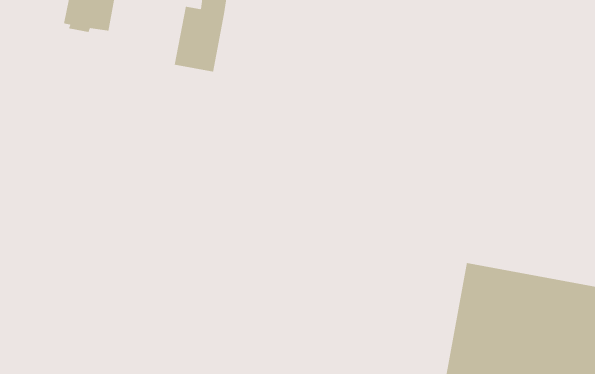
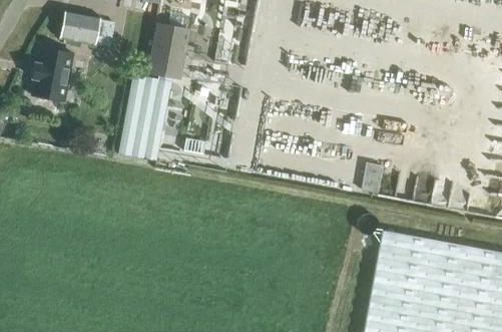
building: none -> [31,46,73,100]
building: none -> [117,73,170,160]

